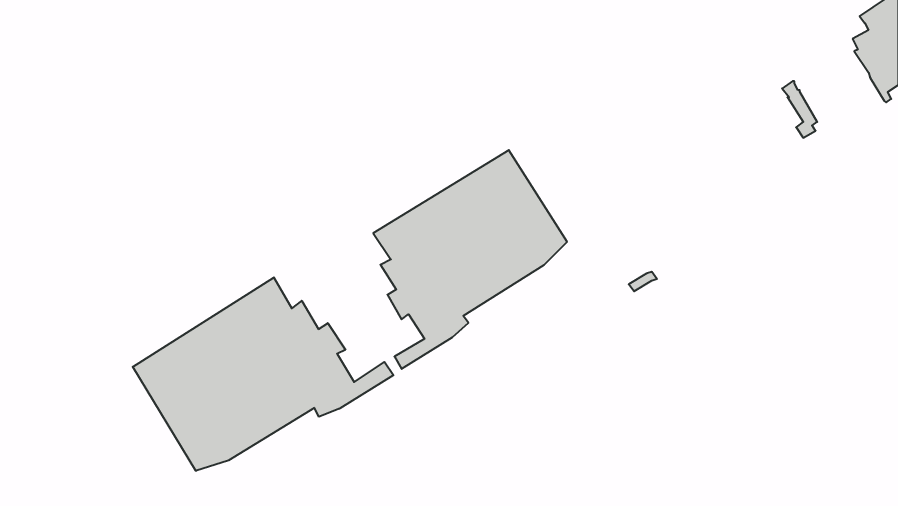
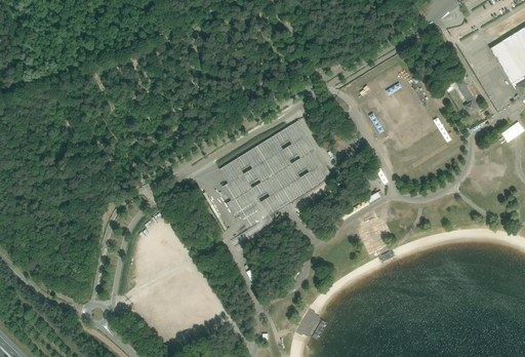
building: [133,277,393,471] -> none

